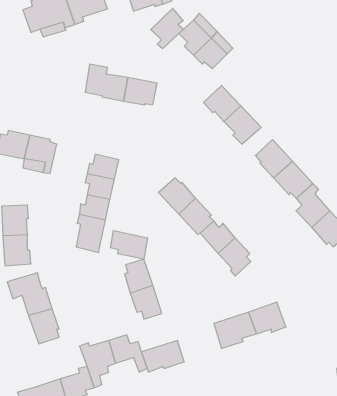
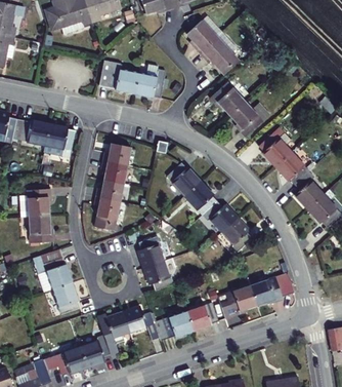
building: [151,9,183,49] -> none
building: [110,231,147,259] -> none
building: none -> [186,304,217,332]

